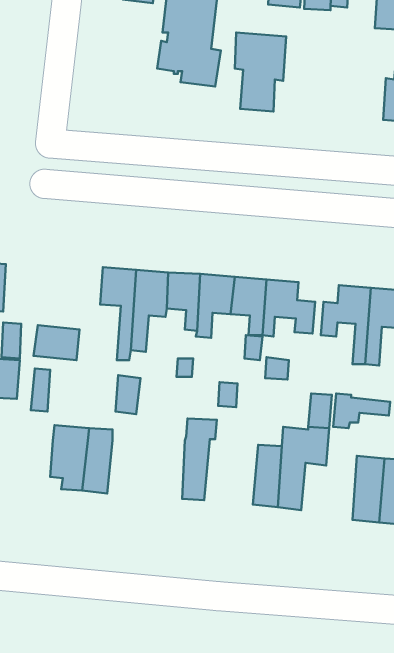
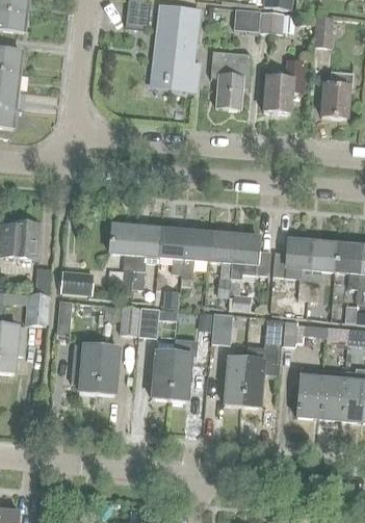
building: none -> [263,62,305,113]
building: none -> [139,309,178,337]
building: none -> [212,313,233,344]
building: none -> [153,351,174,399]

